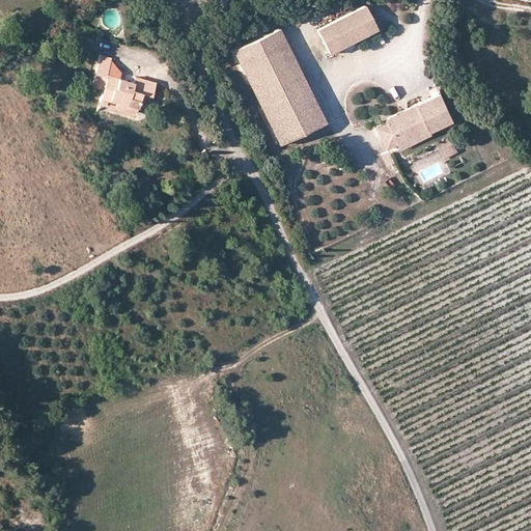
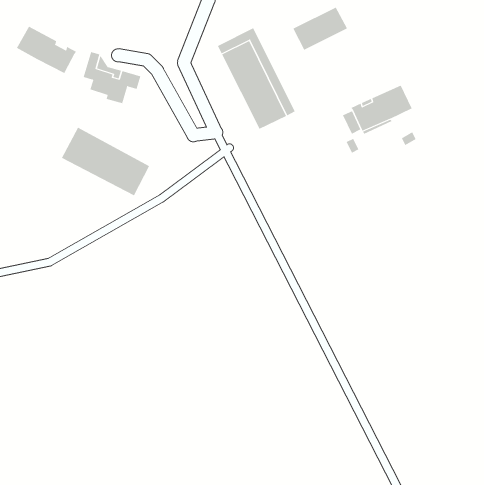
building: none -> [16,26,77,74]
building: none -> [61,127,150,196]

